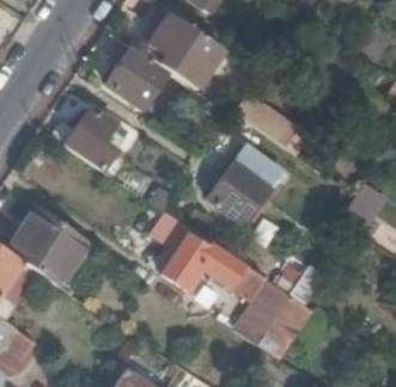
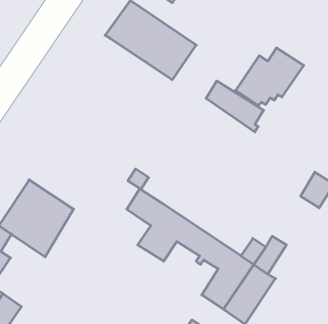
building: [109,45,171,100] -> none
building: [53,108,120,170] -> none
building: [208,153,284,216] -> [235,48,304,106]

